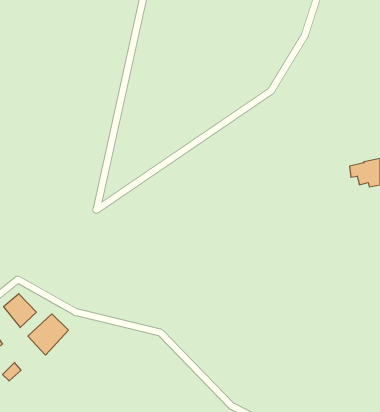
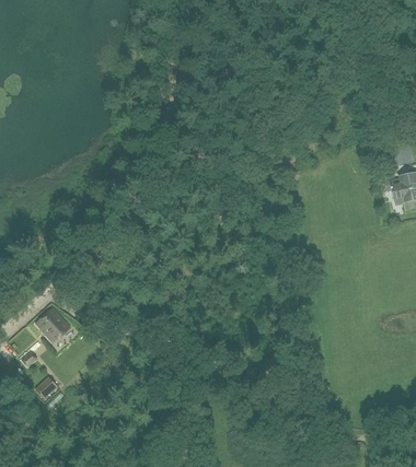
building: [28,314,68,355] -> none

